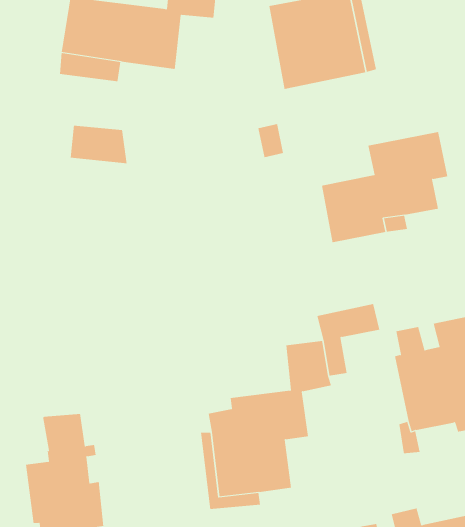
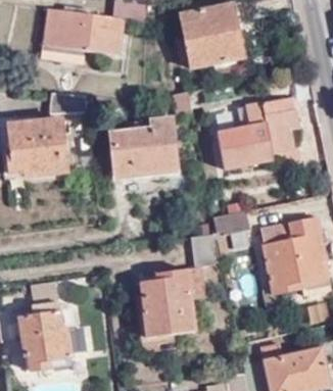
building: none -> [7,116,67,177]
building: none -> [109,116,176,177]

